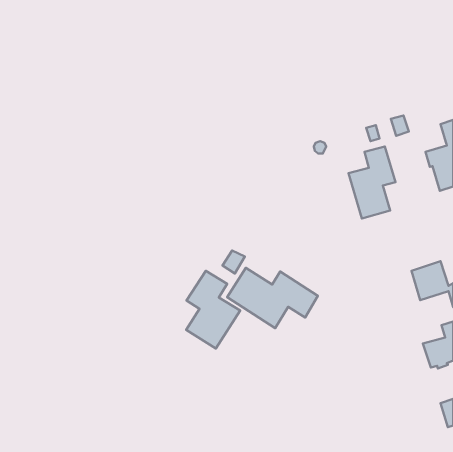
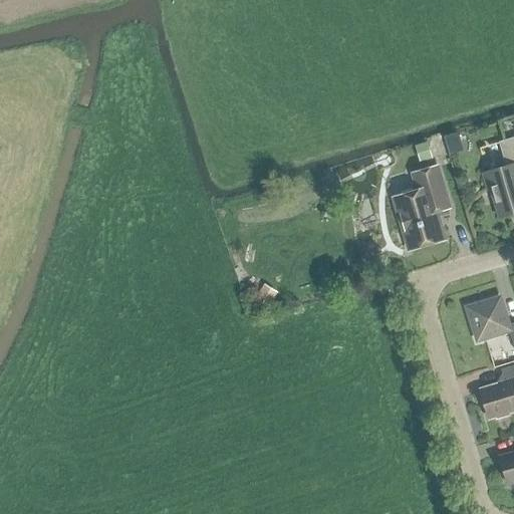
building: [227,268,318,328] -> none
building: [186,271,240,348] -> none

